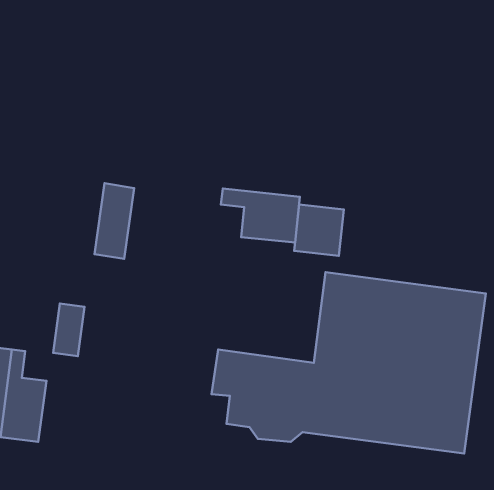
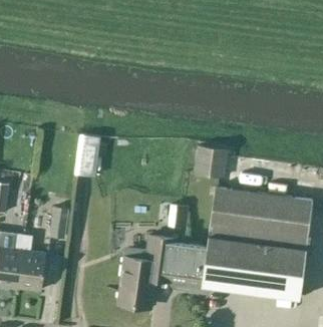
building: [221,189,300,243] -> none
building: none -> [117,259,156,306]

